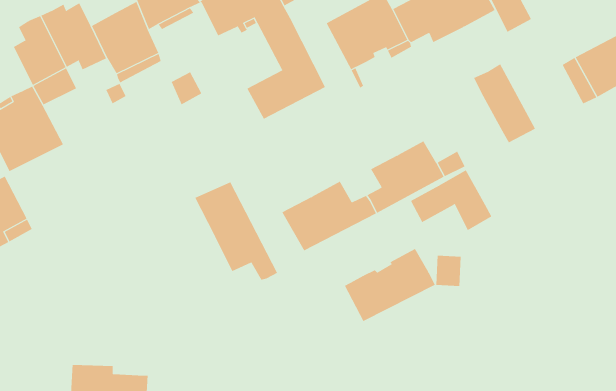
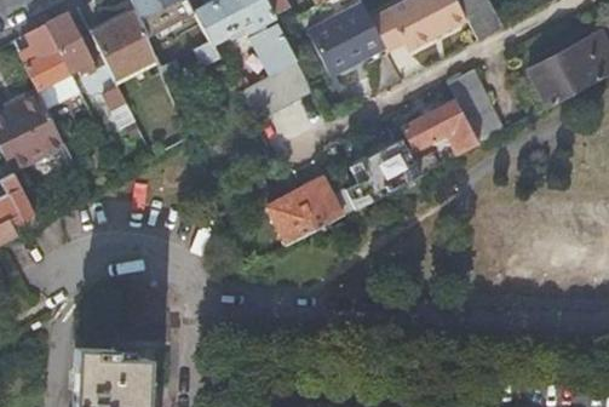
building: [410,170,492,231] -> [403,98,479,155]
building: [194,181,278,280] -> none
building: [344,248,435,322] -> none

